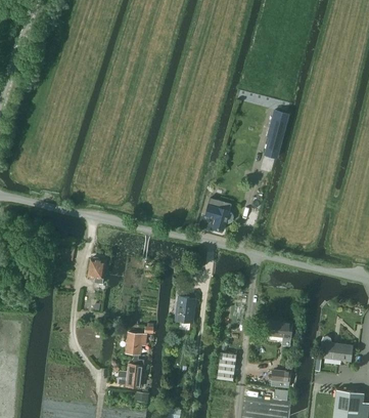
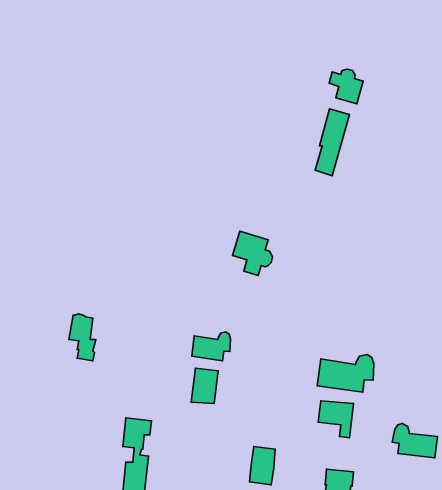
building: none -> [329,69,363,104]
building: none -> [192,332,230,361]
building: none -> [317,354,374,392]

